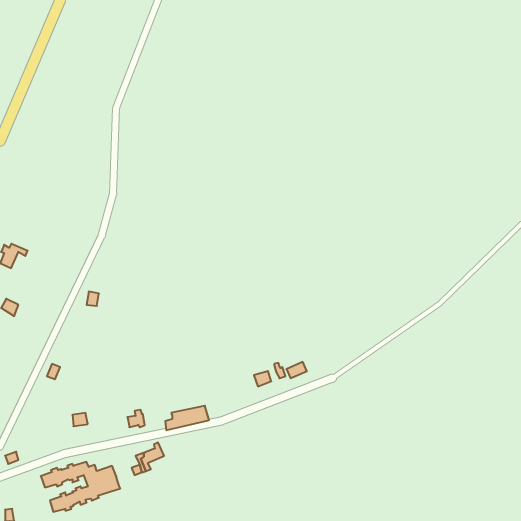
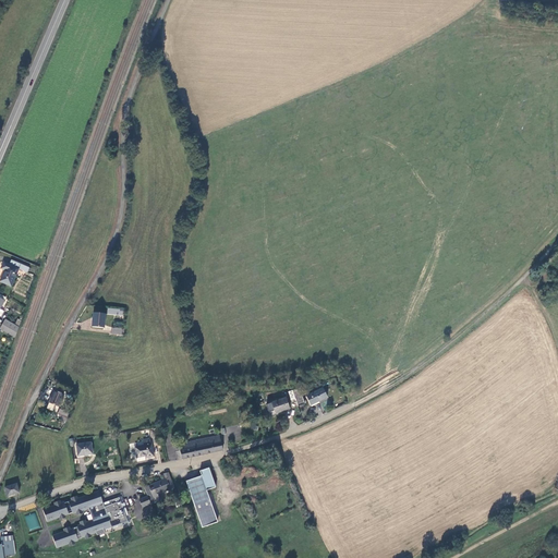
building: none -> [184,468,216,526]

